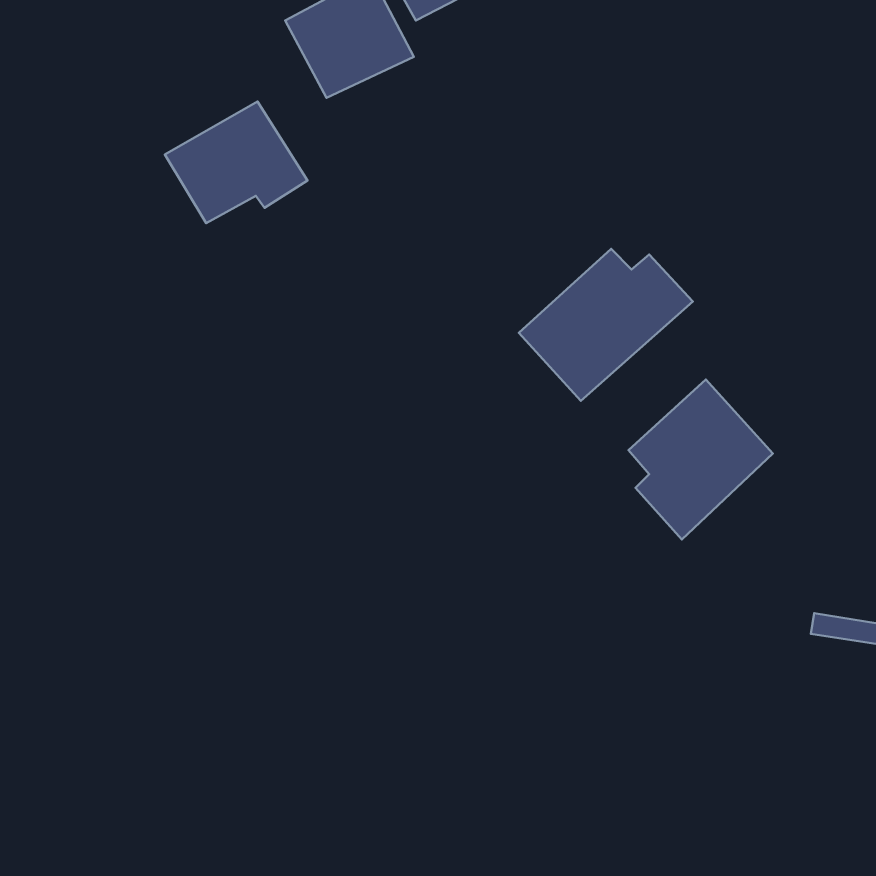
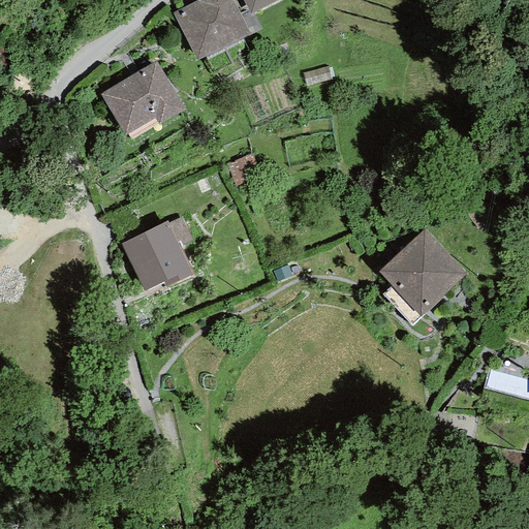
building: [519,249,693,401] -> none
building: none -> [121,216,193,290]

